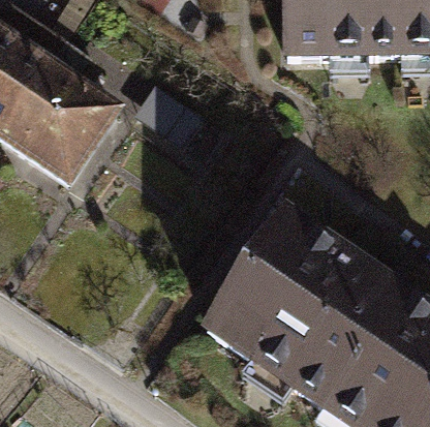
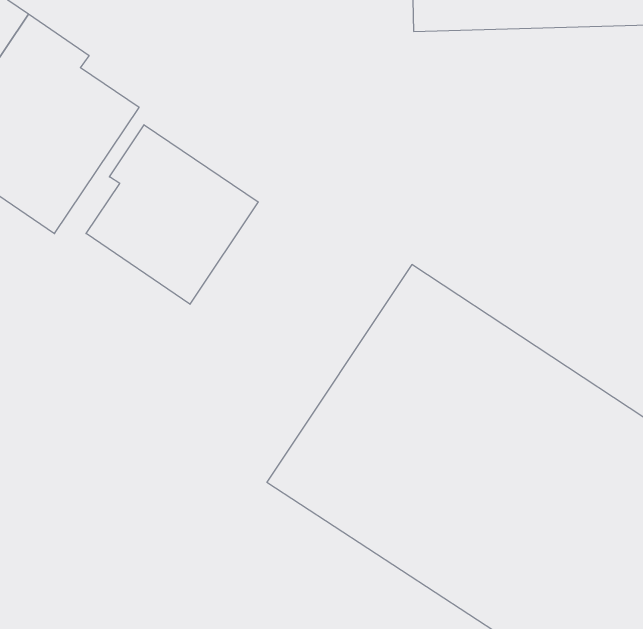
building: none -> [86,125,258,304]

